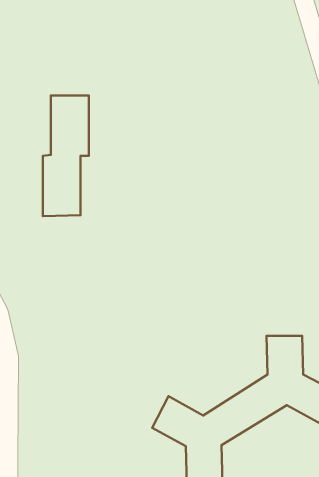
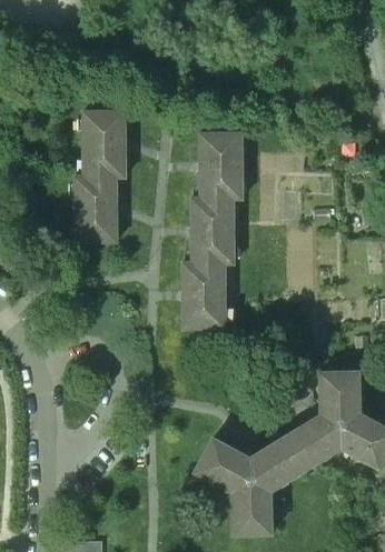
building: none -> [182,133,241,328]

